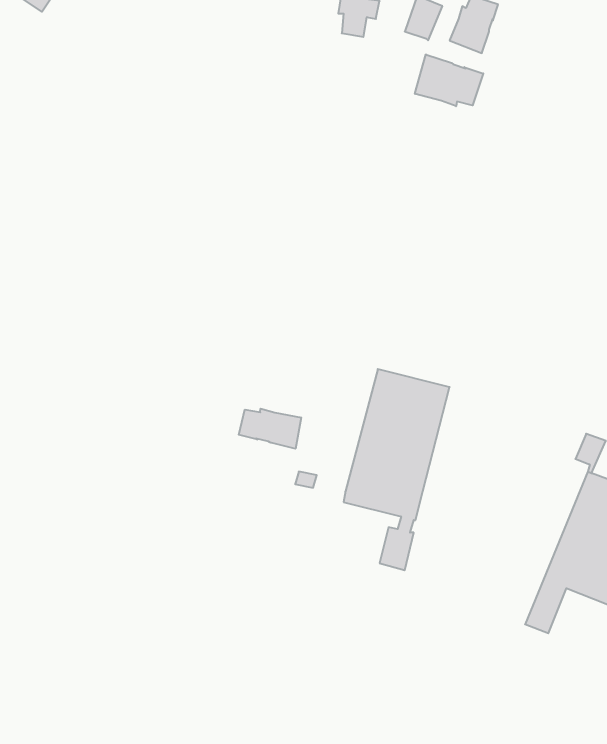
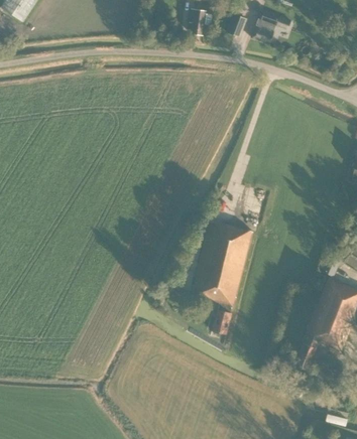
building: [415,54,483,106] -> none
building: [239,409,301,449] -> none

